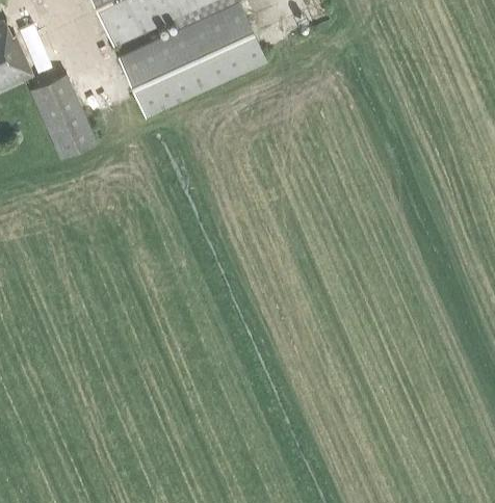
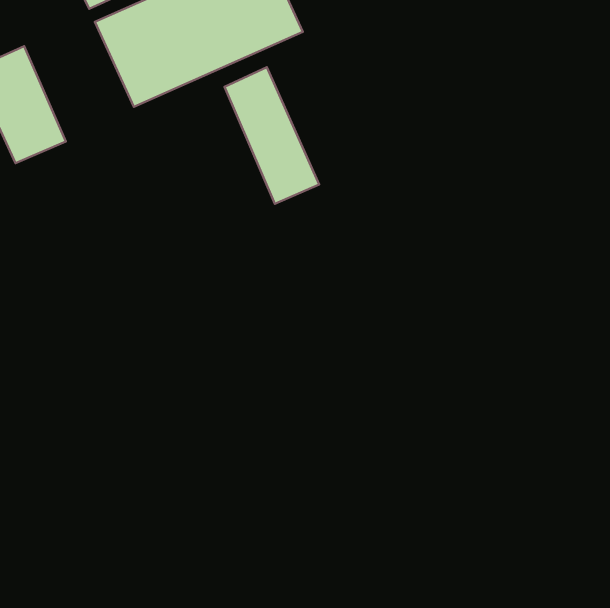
building: none -> [225,67,319,204]

